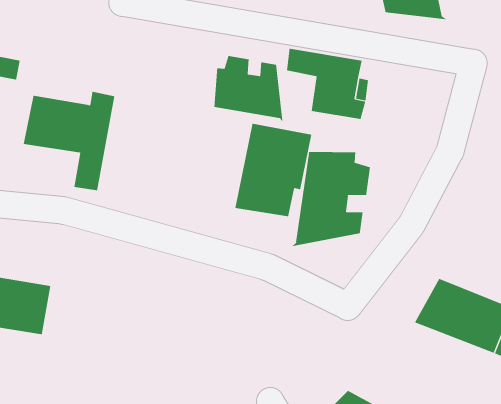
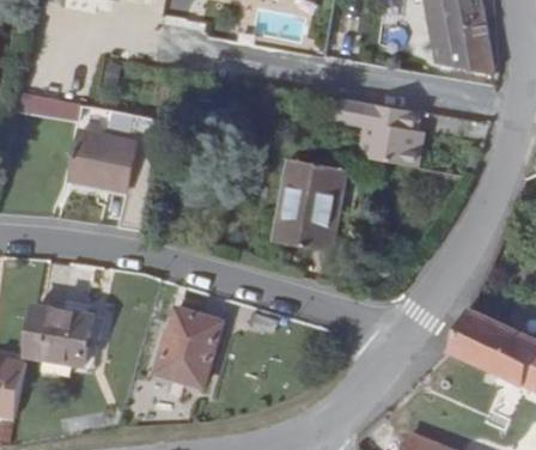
building: [214,55,283,123] -> none
building: [290,151,370,247] -> none
building: none -> [159,310,219,389]

